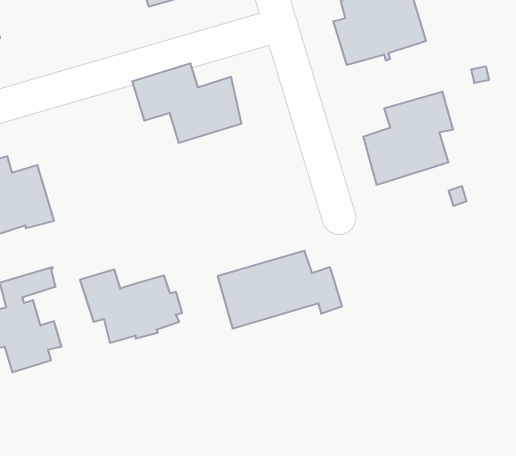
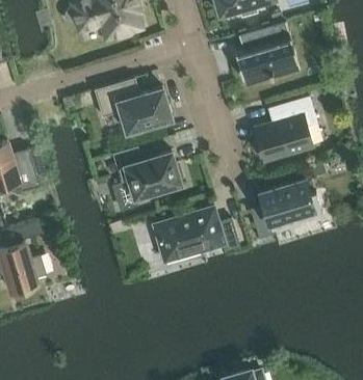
building: none -> [250,180,321,240]
building: [80,269,182,343] -> [112,148,183,199]

